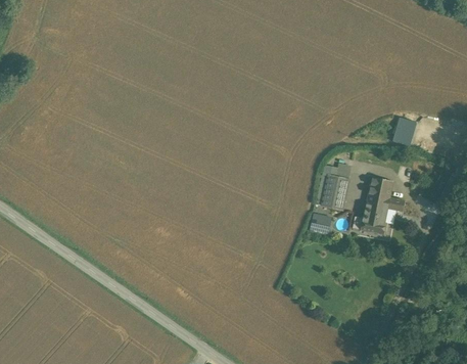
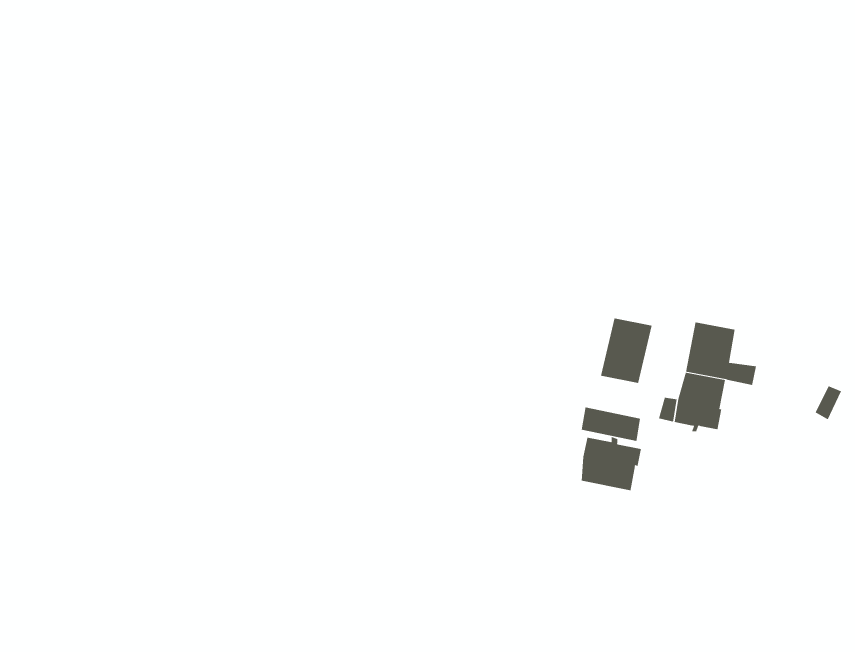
building: [389,116,414,145] -> none
building: none -> [581,436,641,491]

